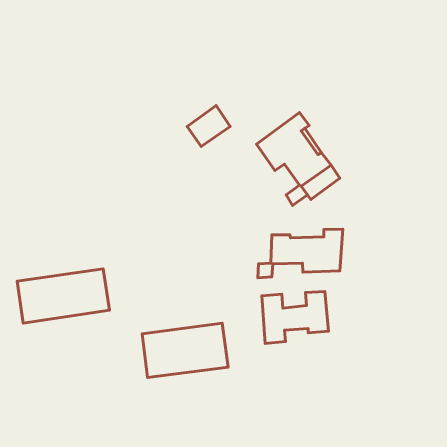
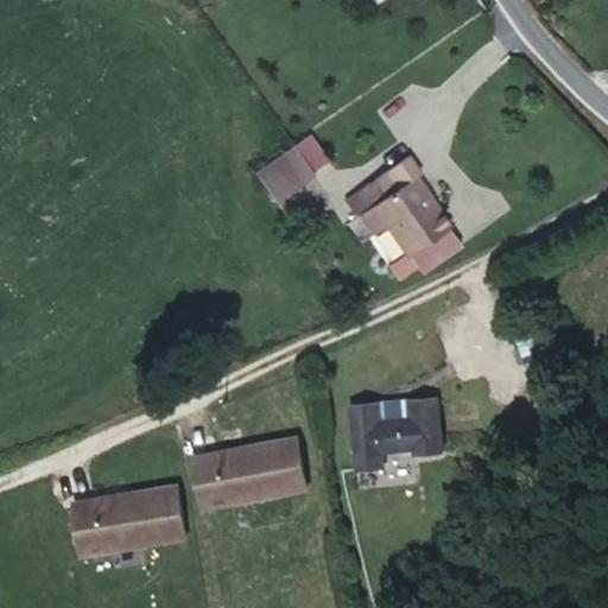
building: [258,229,343,278] -> none
building: [17,269,109,323] -> [64,486,189,559]

